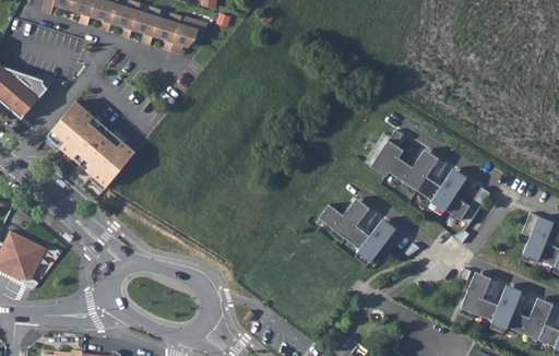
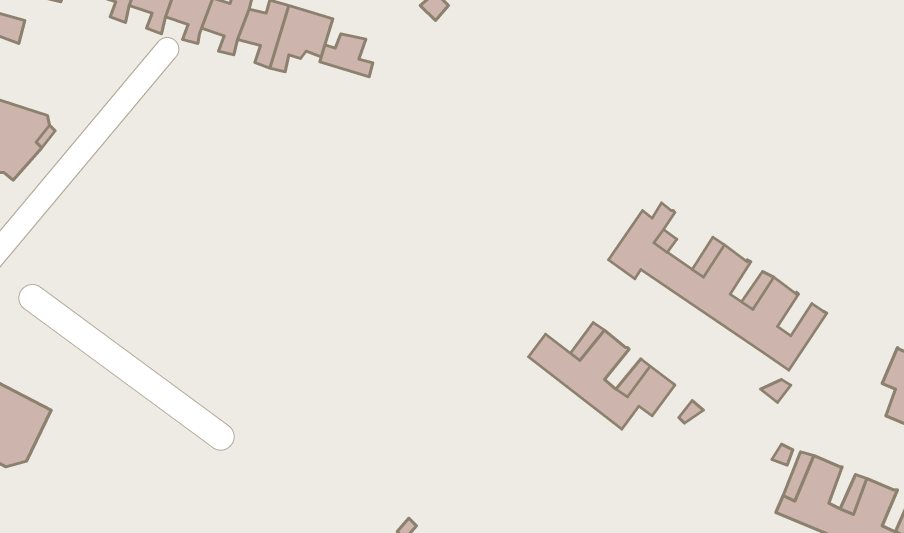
building: none -> [320,34,373,77]
building: [47,102,134,187] -> none

